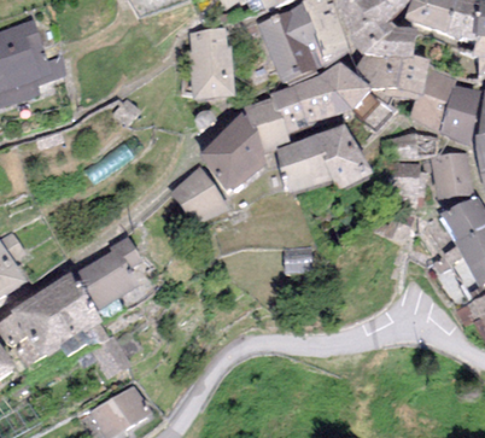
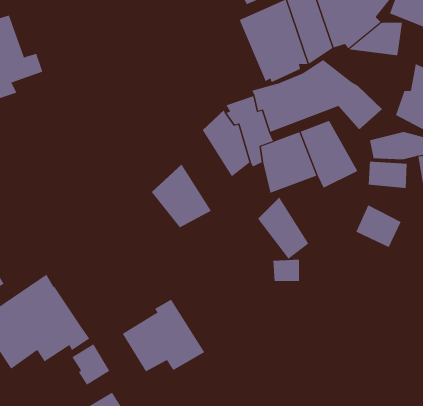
building: [187,28,235,99] -> none
building: [355,53,428,93] -> none
building: [198,132,249,193] -> [257,196,309,260]
building: [77,238,158,309] -> [122,299,205,372]

